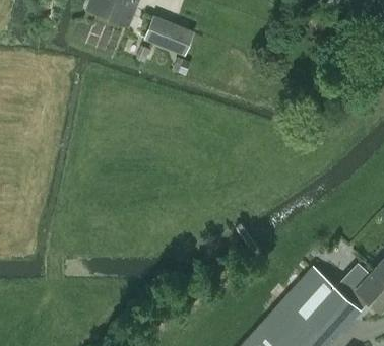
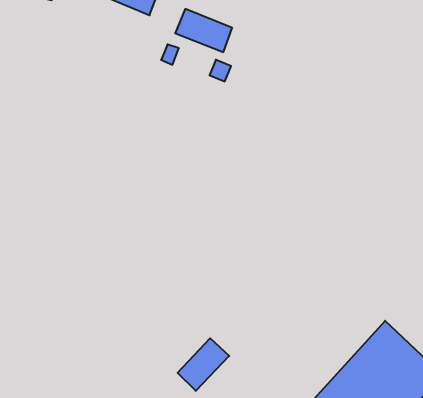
building: none -> [178,338,229,391]

